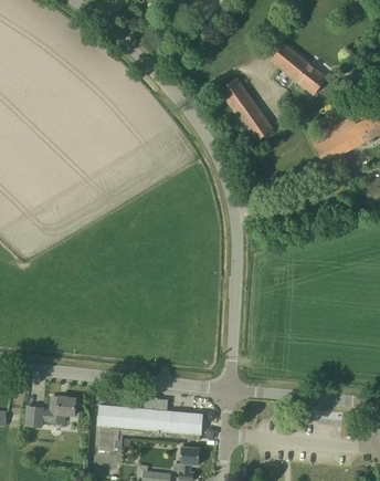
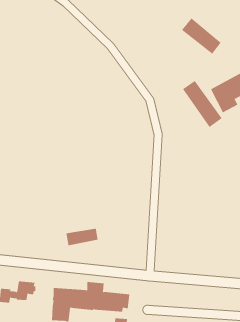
building: [219,77,273,142] -> [182,80,222,128]
building: none -> [66,228,98,246]

